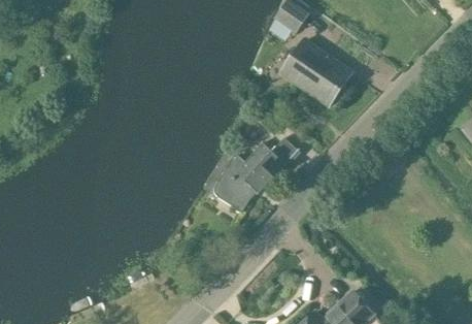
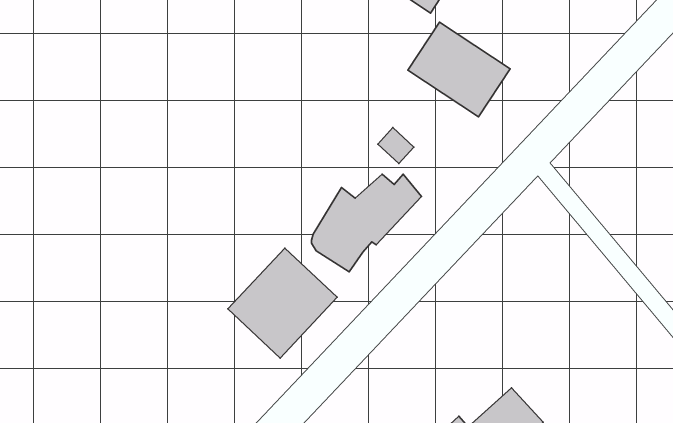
building: none -> [228,248,337,358]

